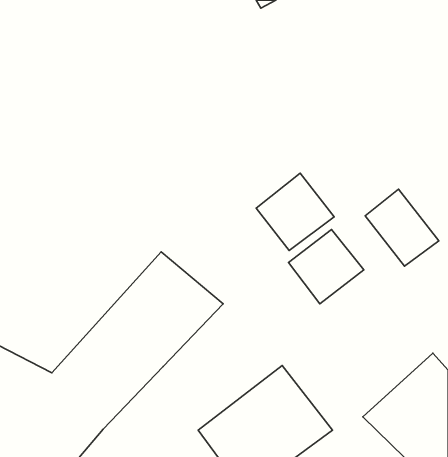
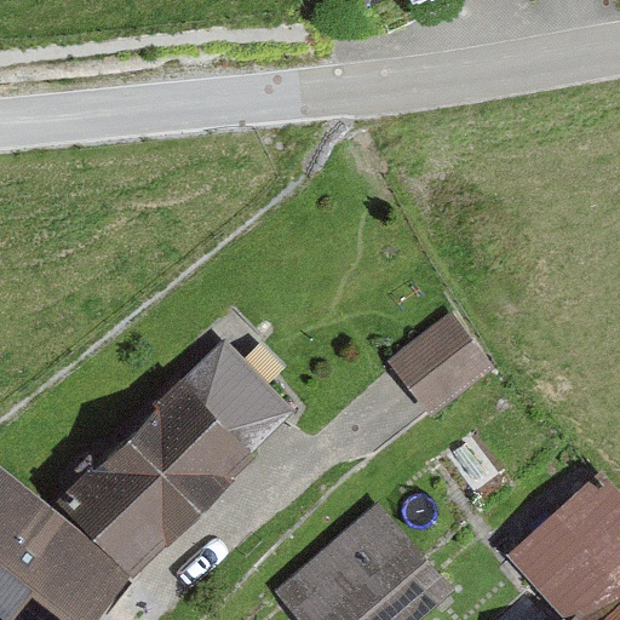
building: [256,173,334,250] -> none
building: [365,189,439,266] -> none

